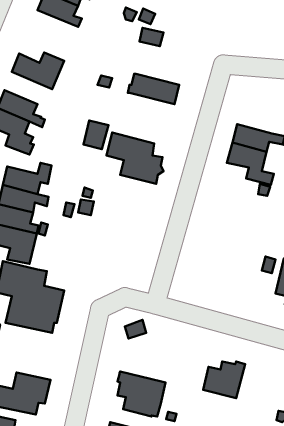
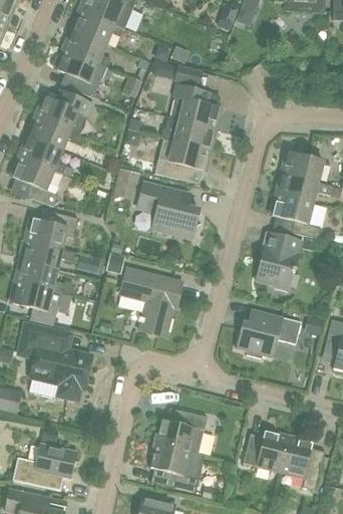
building: none -> [54,47,106,96]
building: none -> [169,84,222,128]
building: none -> [26,114,84,150]
building: none -> [154,138,212,180]
building: none -> [280,151,323,182]
building: none -> [255,231,299,291]
building: none -> [119,267,182,332]
building: none -> [236,309,301,358]
building: none -> [152,409,207,453]
building: none -> [279,434,323,489]

